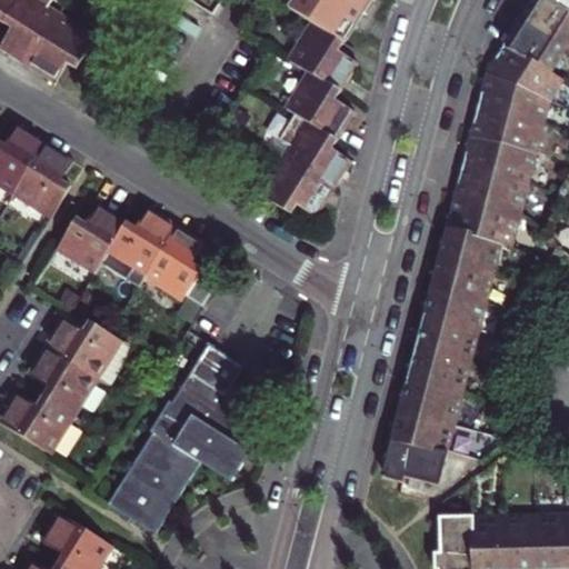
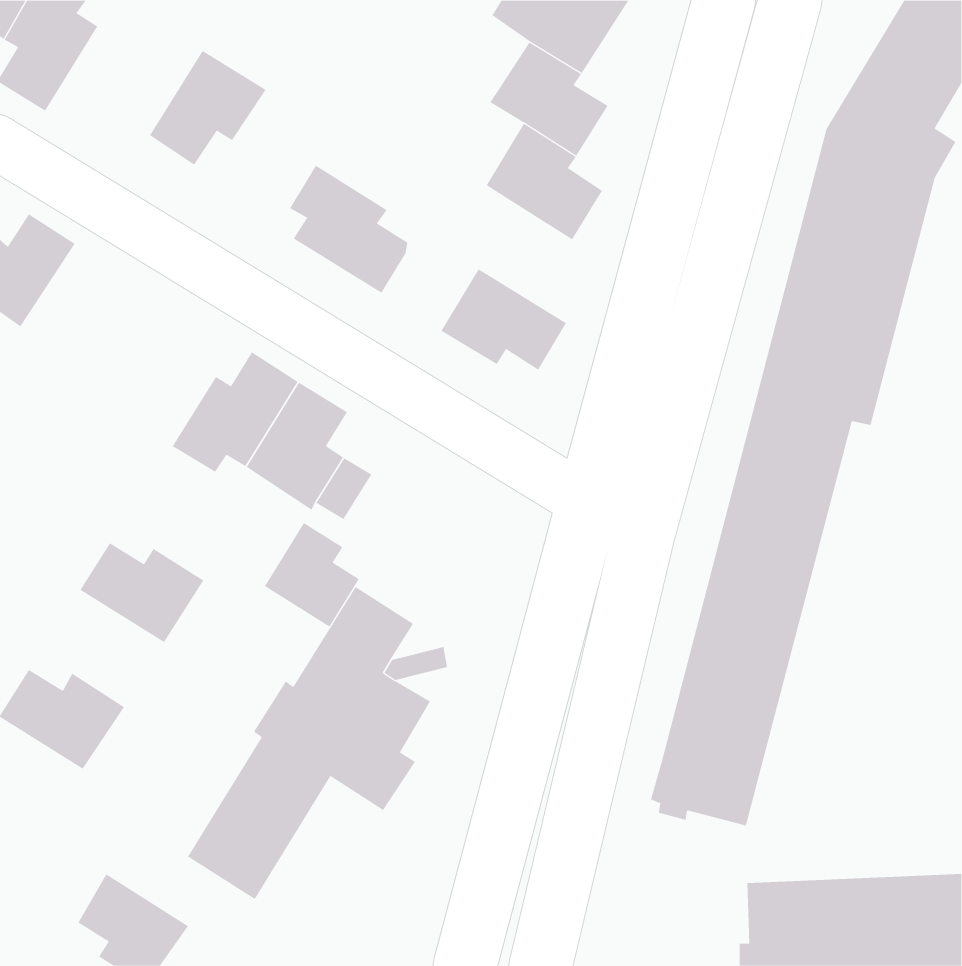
building: [27,16,96,83] -> [149,50,266,165]
building: [279,114,349,190] -> [289,165,408,293]
building: [12,143,73,217] -> none
building: [56,204,127,271] -> none
building: none -> [264,522,359,628]
building: [29,347,97,416] -> none

